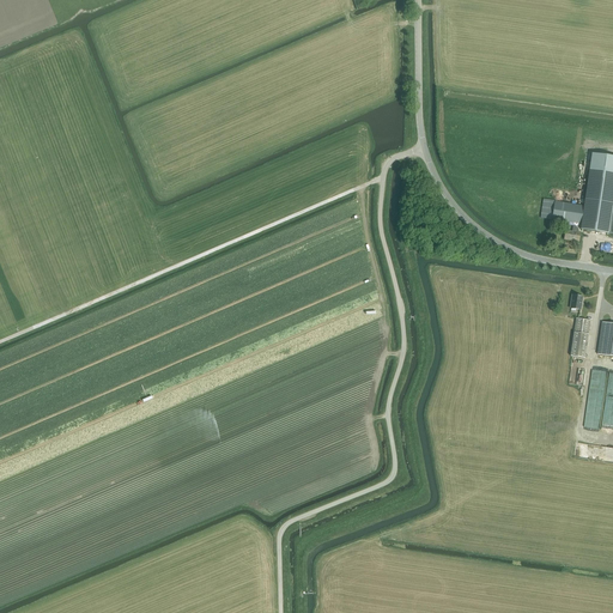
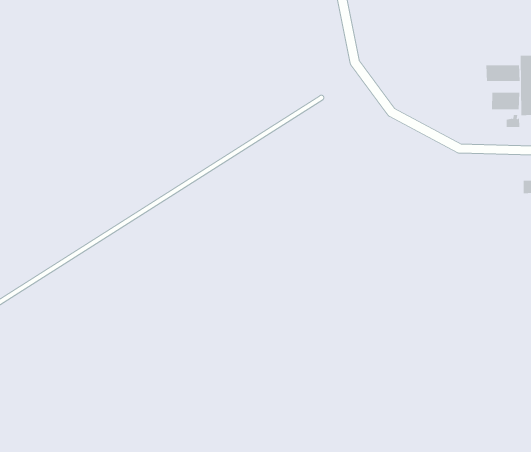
building: none -> [486,64,520,82]

